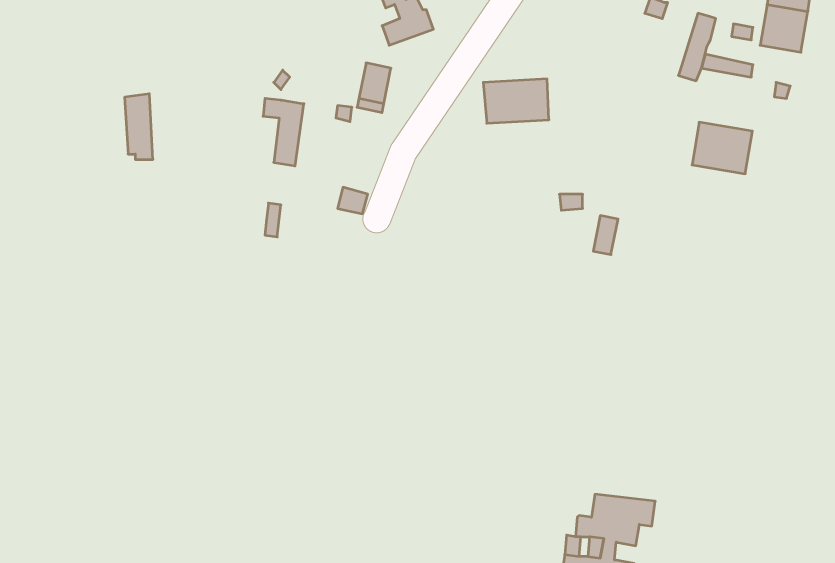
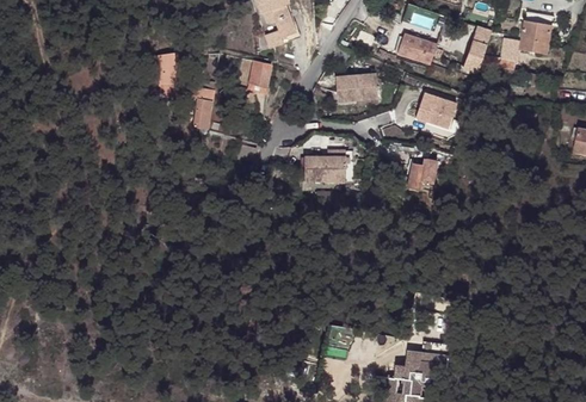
building: none -> [397,35,437,64]
building: [125,94,153,159] -> [156,52,175,97]
building: [692,122,752,174] -> [412,92,452,126]
building: none -> [300,151,344,185]

